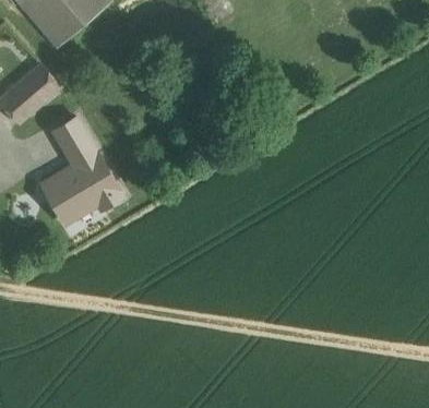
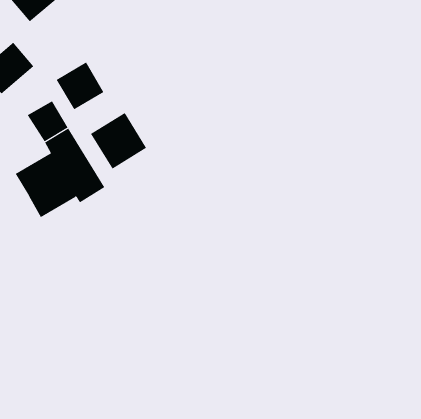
building: none -> [56,62,104,110]
building: none -> [90,112,147,169]

